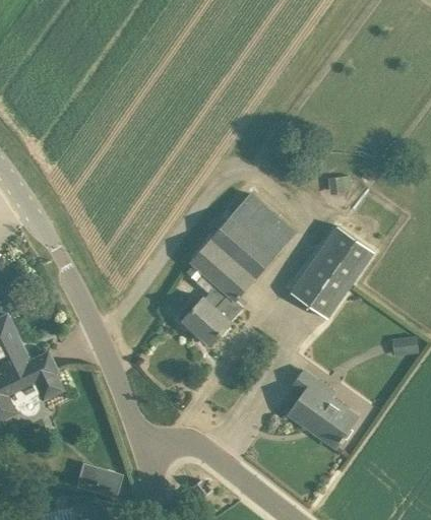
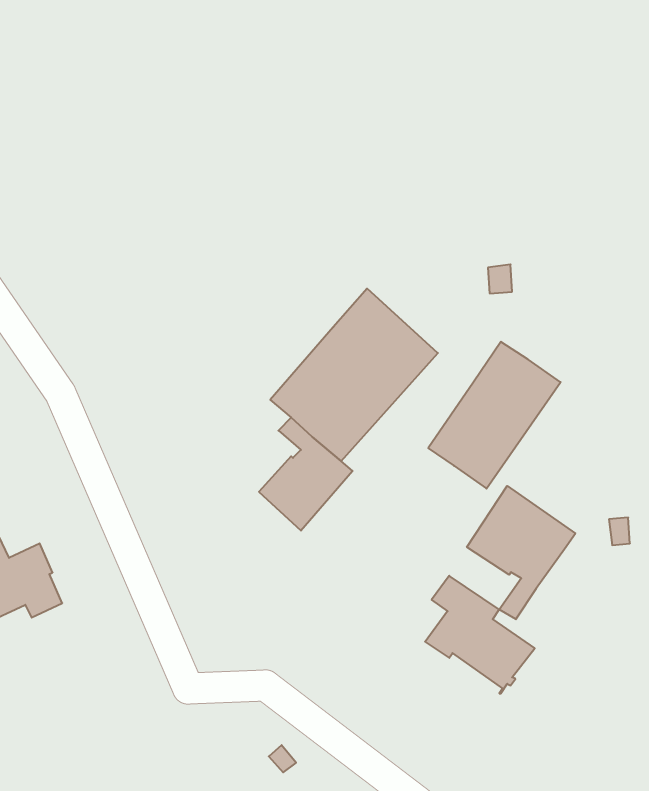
building: none -> [467,486,575,619]
building: [84,466,121,496] -> none

